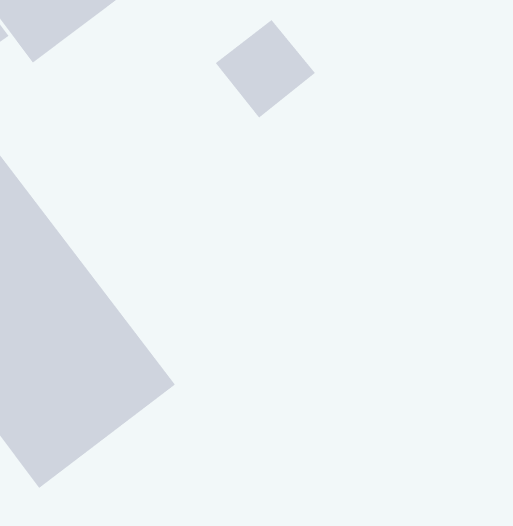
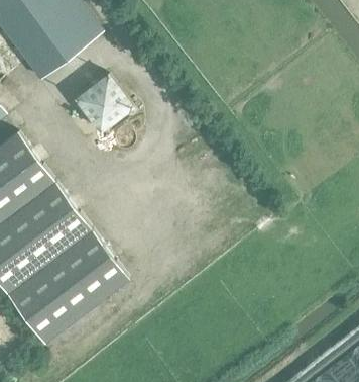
building: [215,19,316,118] -> [70,71,132,132]

